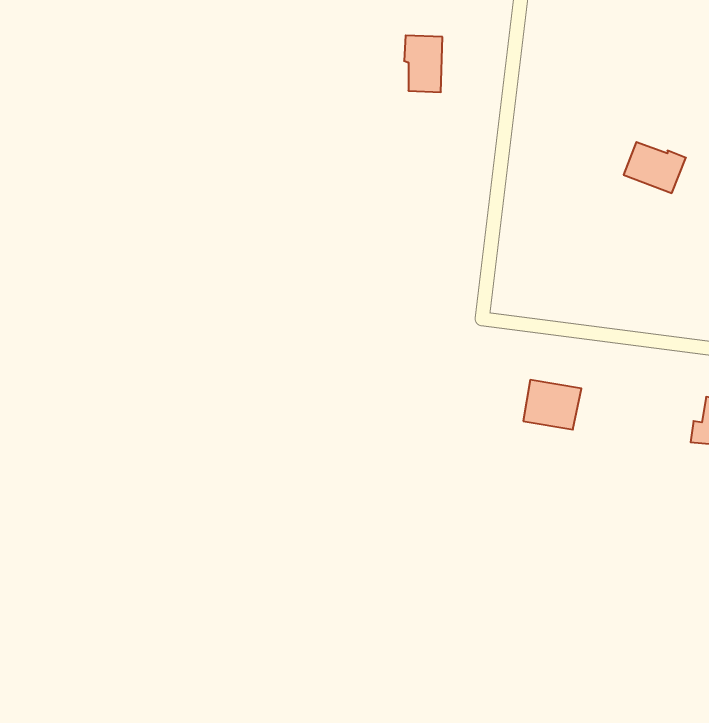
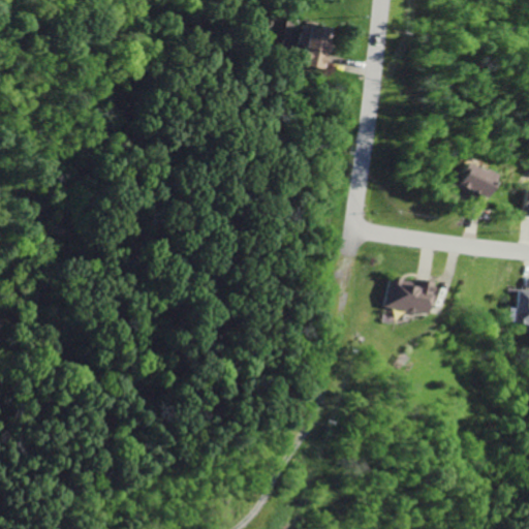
building: [624,142,686,193] -> [454,163,499,200]

